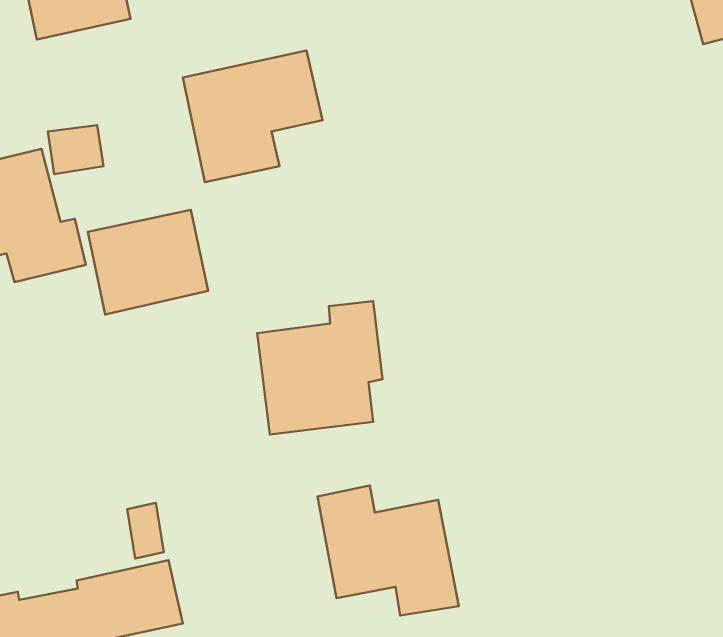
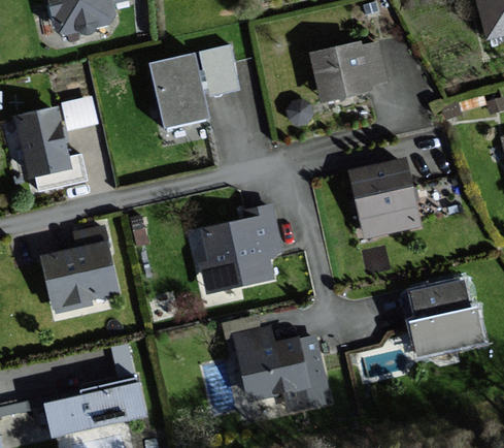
building: none -> [310,41,384,104]
building: [88,210,208,314] -> [40,243,119,311]
building: none -> [346,157,423,241]
building: none -> [409,280,486,359]

